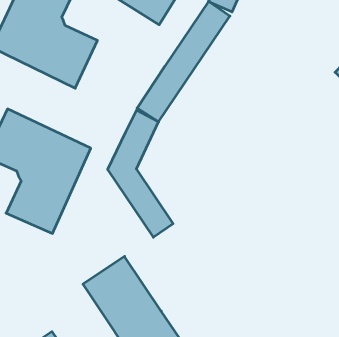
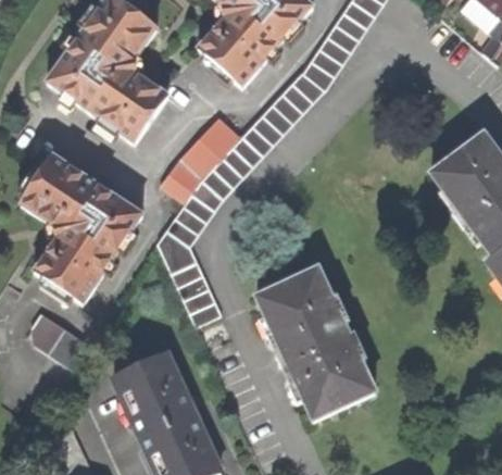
building: none -> [161,114,241,201]
building: none -> [256,266,376,418]
building: none -> [33,312,89,367]

